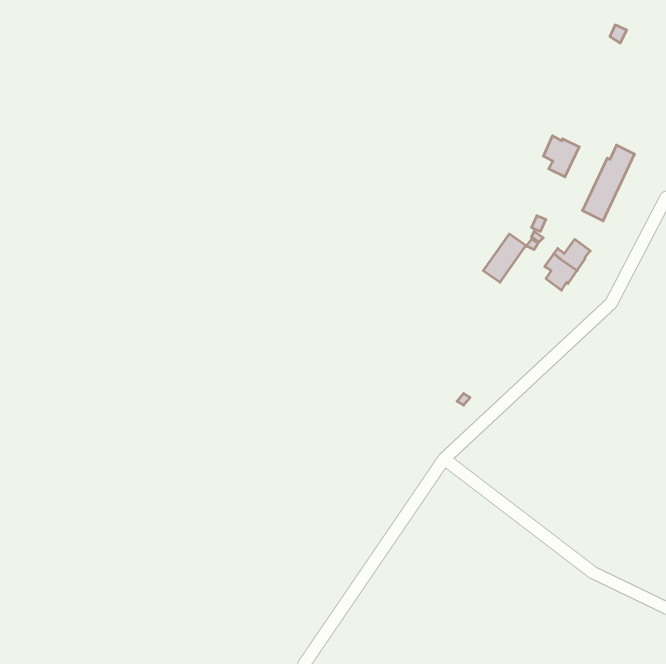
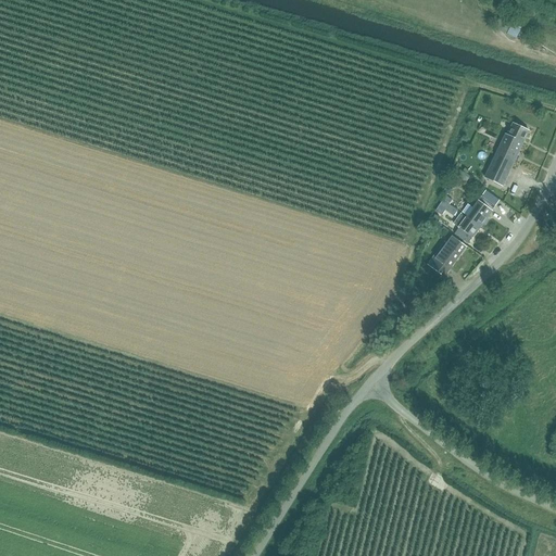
building: [543,136,579,177] -> none
building: [483,234,526,282] -> [429,235,465,275]

